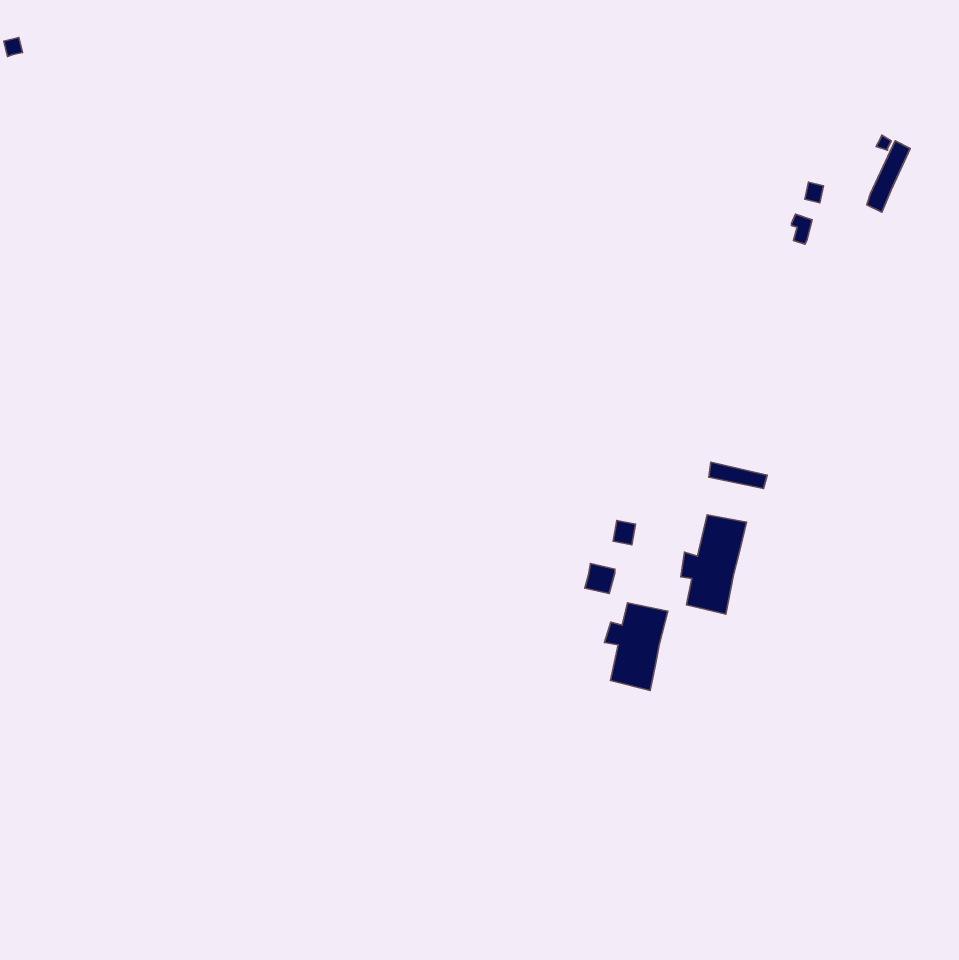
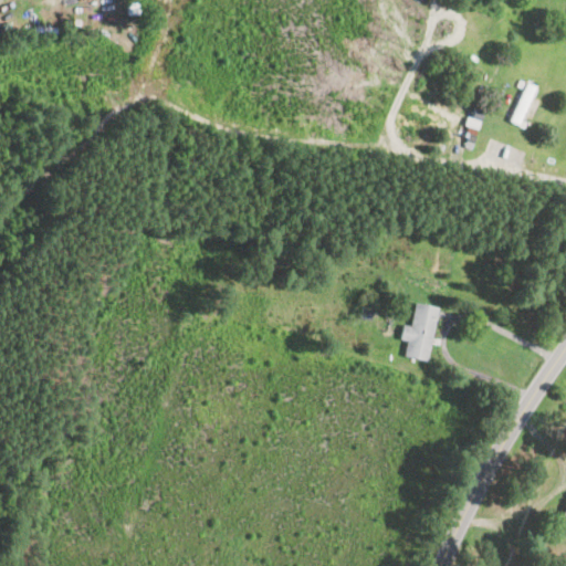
building: [605,603,668,691] -> none

